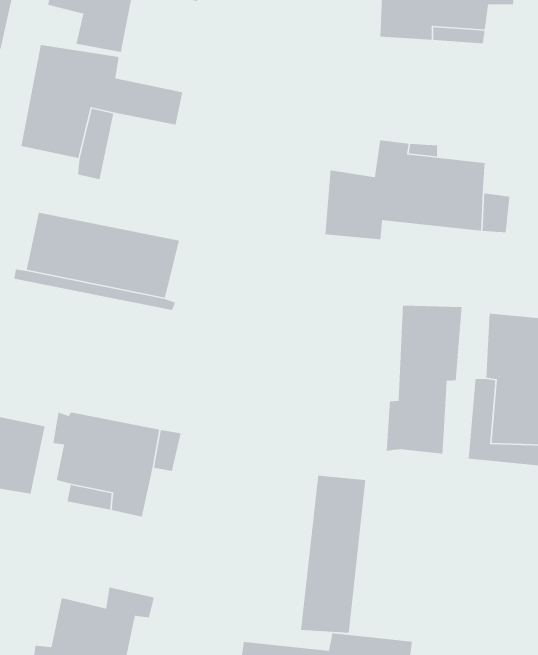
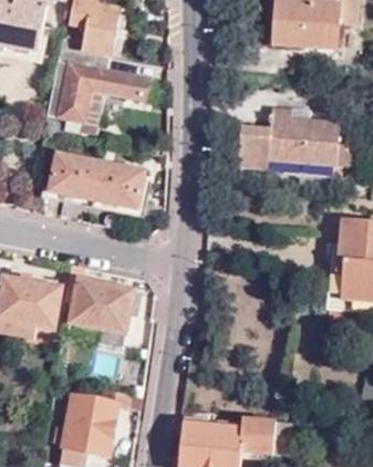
building: [386,305,462,454] -> none
building: [300,475,366,633] -> none

